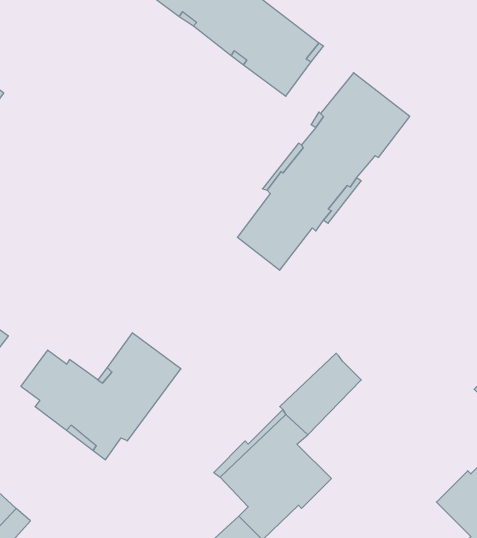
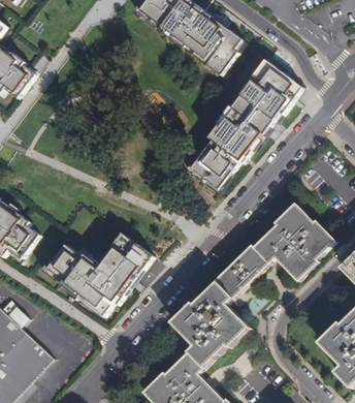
building: none -> [254,203,334,280]

